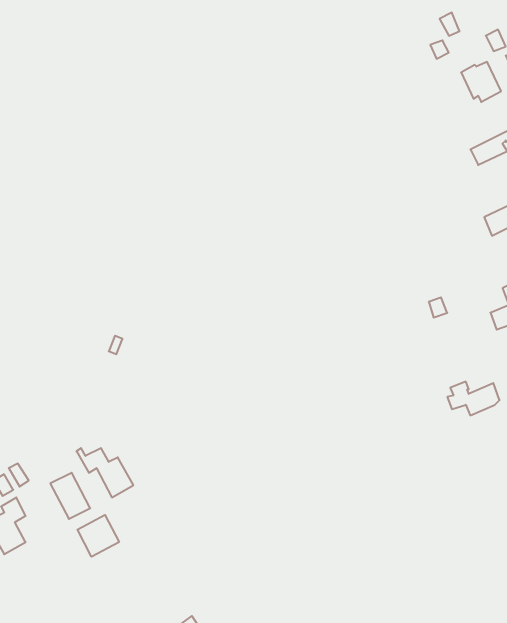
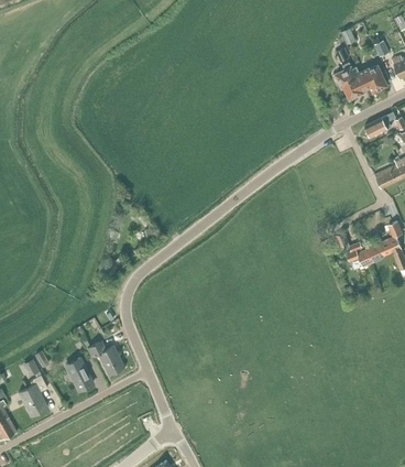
building: none -> [335,61,368,98]
building: [447,382,500,415] -> [347,241,384,265]
building: [77,515,119,557] -> none

